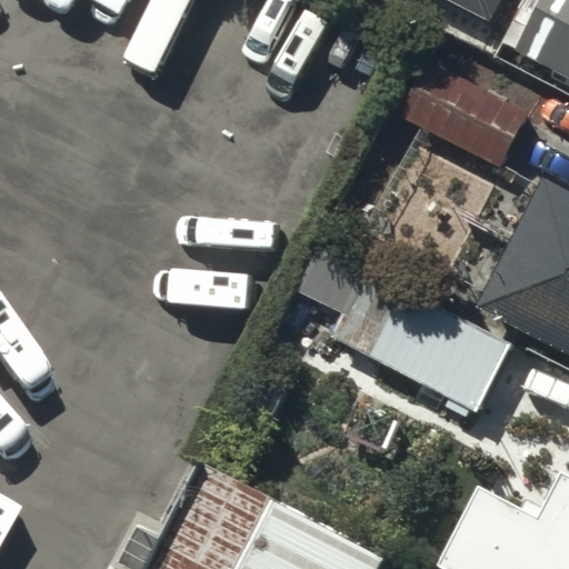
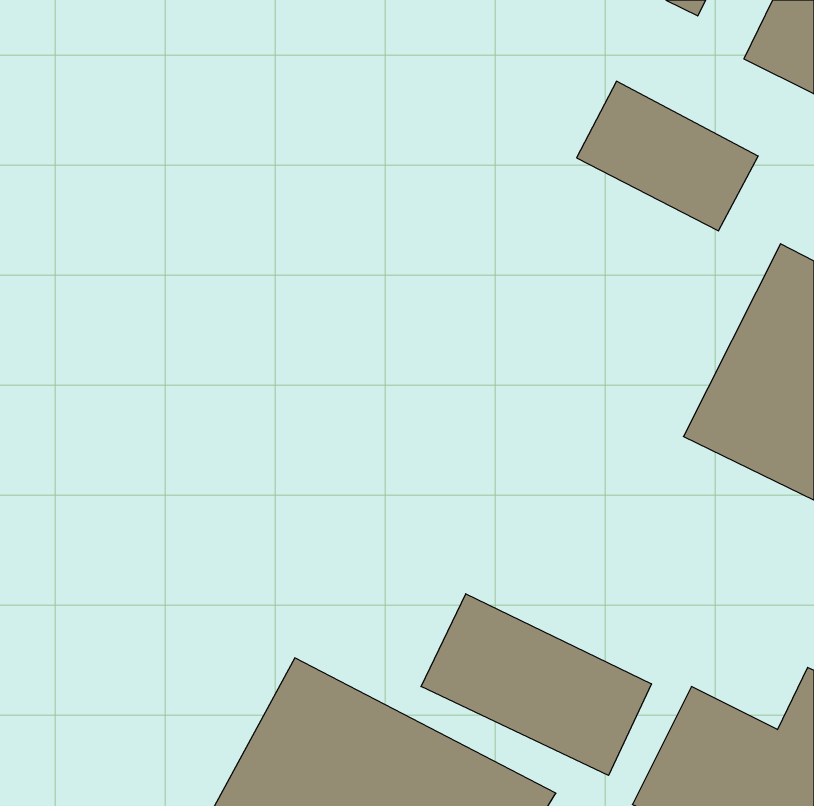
building: [333,277,512,411] -> none
building: none -> [421,594,651,775]

